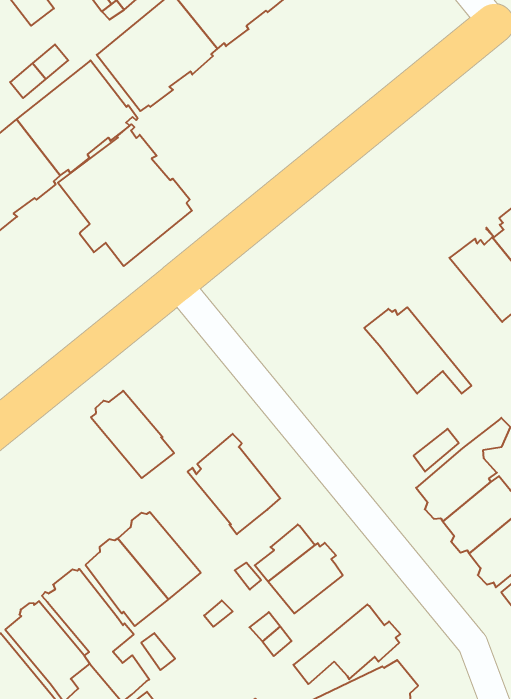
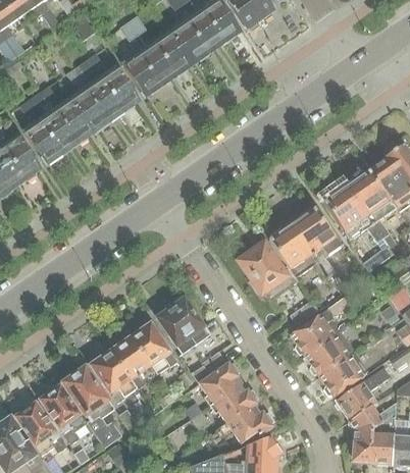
building: [58,124,192,266] -> none
building: none -> [291,205,342,276]
building: none -> [239,240,298,300]
building: [91,391,174,478] -> [131,322,178,375]
building: none -> [212,383,258,423]

